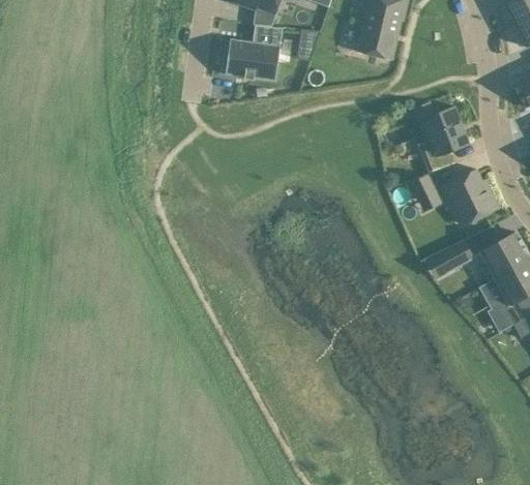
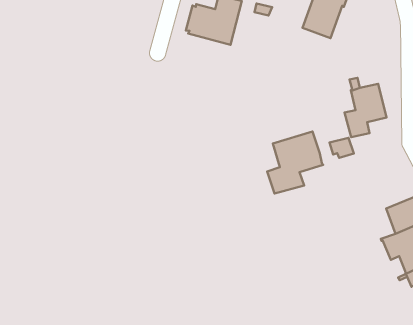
building: [442,168,500,224] -> none
building: none -> [267,132,323,193]
building: [436,239,474,271] -> none

